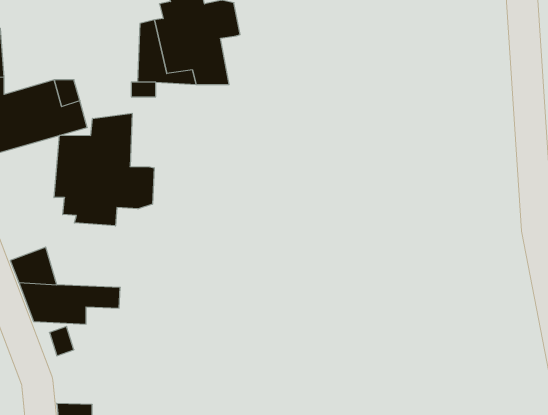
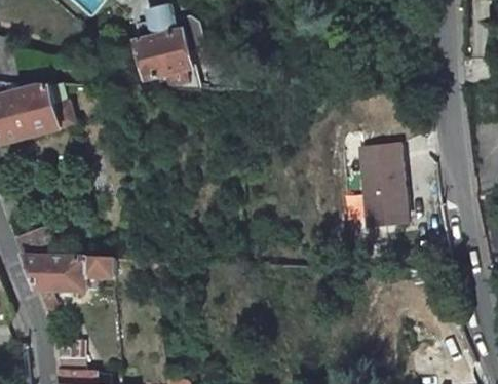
building: [54,113,154,226] -> none
building: none -> [357,143,406,225]

